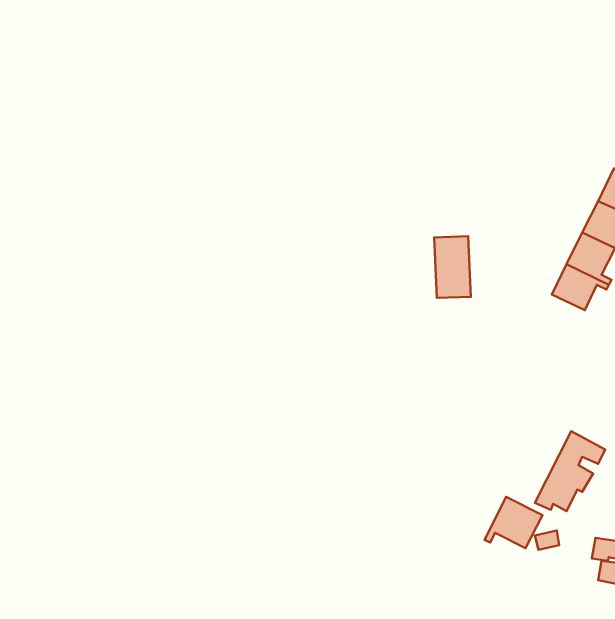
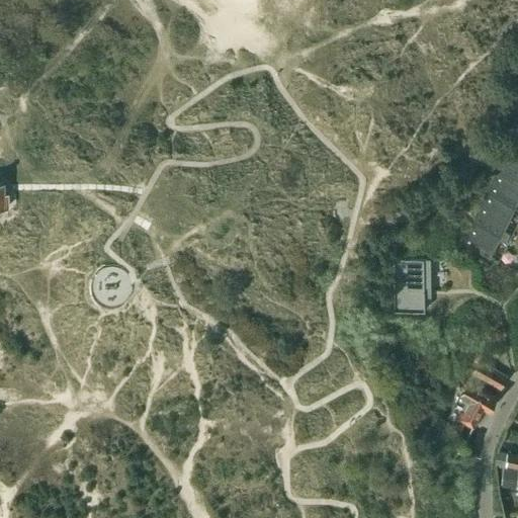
building: [434,236,471,298] -> [395,263,425,315]
building: [484,497,542,548] -> none

